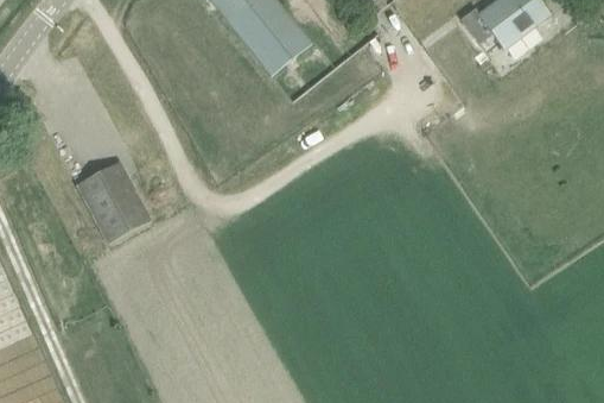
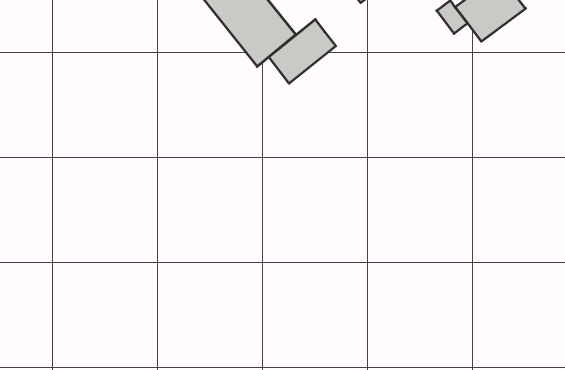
building: none -> [269,19,336,83]
building: [76,159,150,241] -> none

